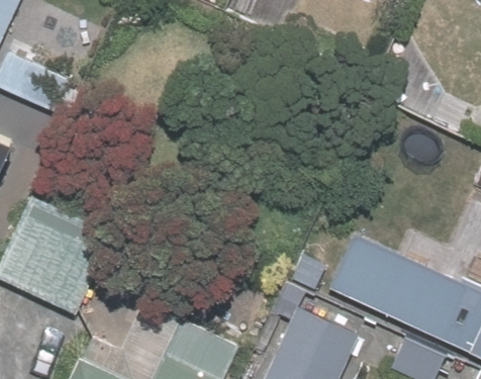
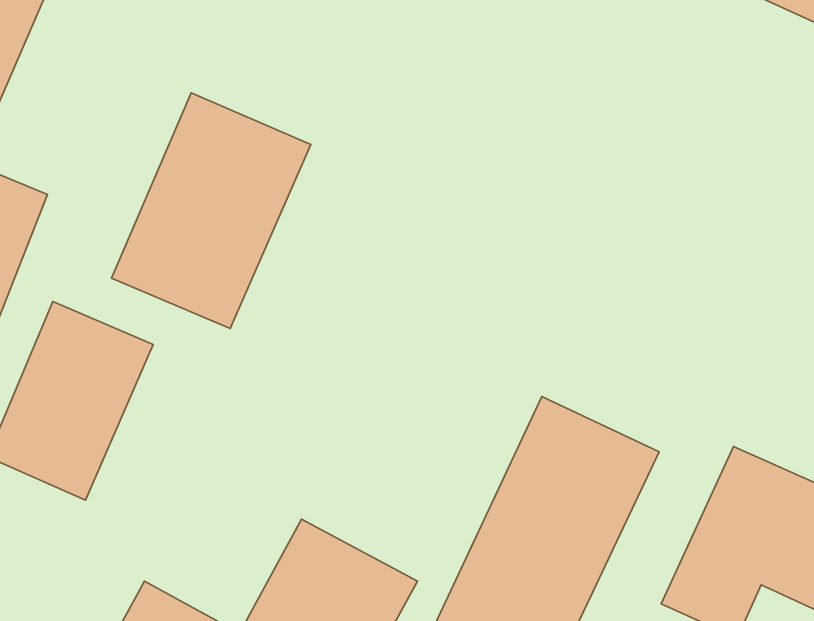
building: none -> [112,93,311,328]

